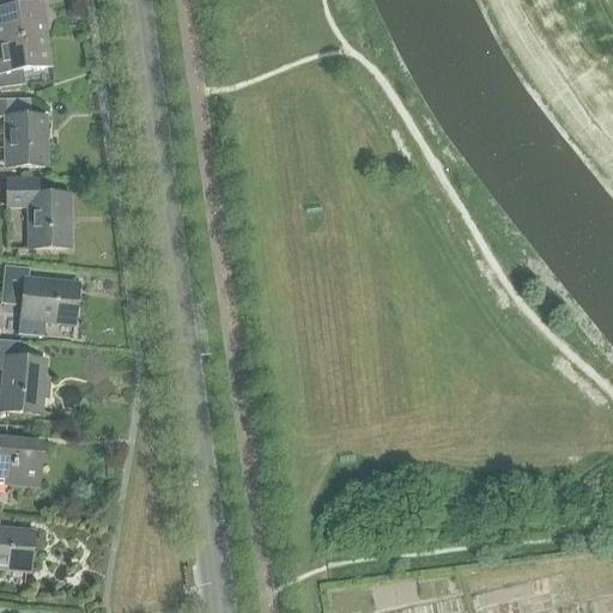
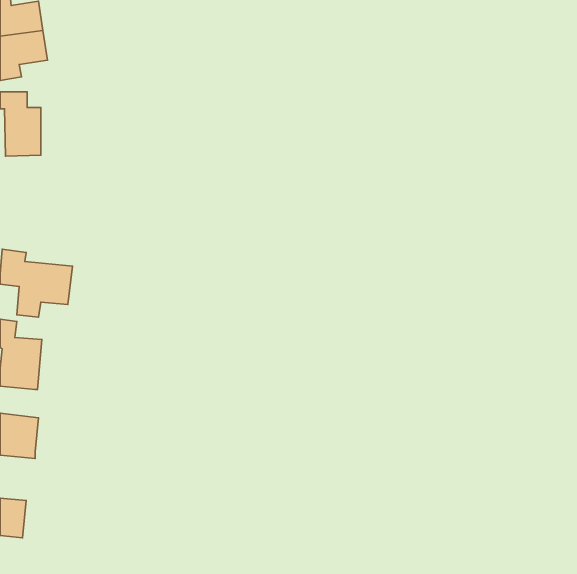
building: [6,176,69,247] -> none

